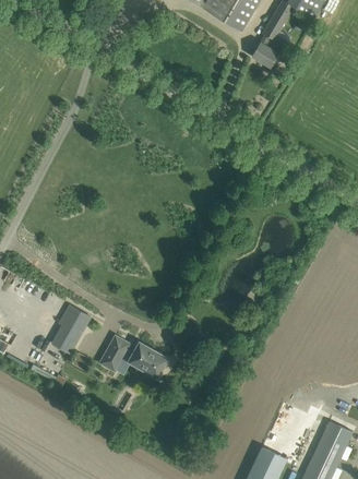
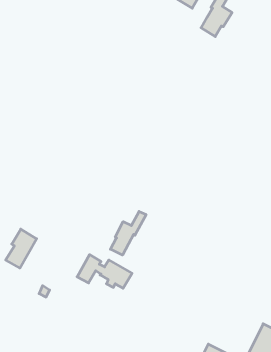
building: none -> [110,211,146,255]
building: [51,304,90,352] -> [6,229,37,268]

